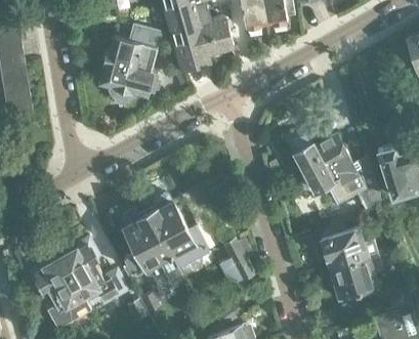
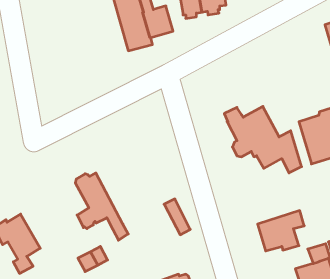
building: [101,27,162,105] -> none
building: [146,195,195,280] -> none
building: [320,229,379,268] -> none
building: [60,238,136,305] -> none

